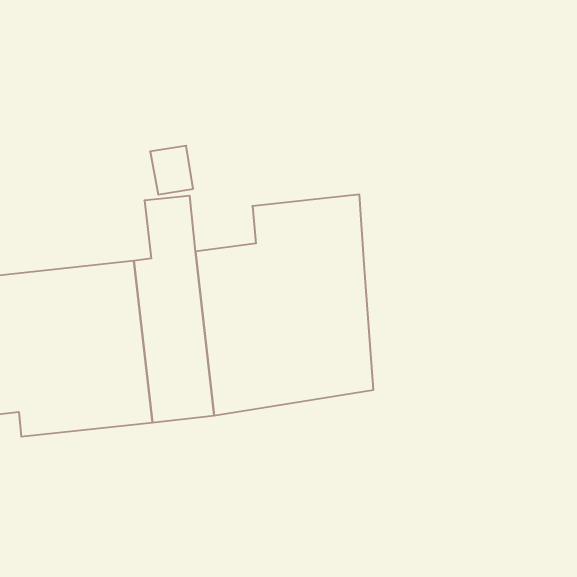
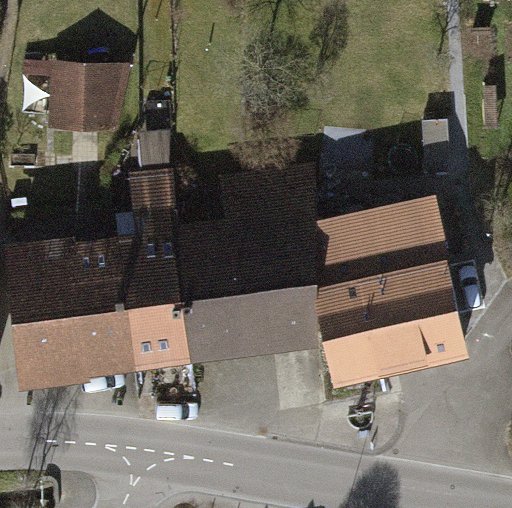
building: none -> [50,71,130,139]
building: none -> [319,207,459,384]

